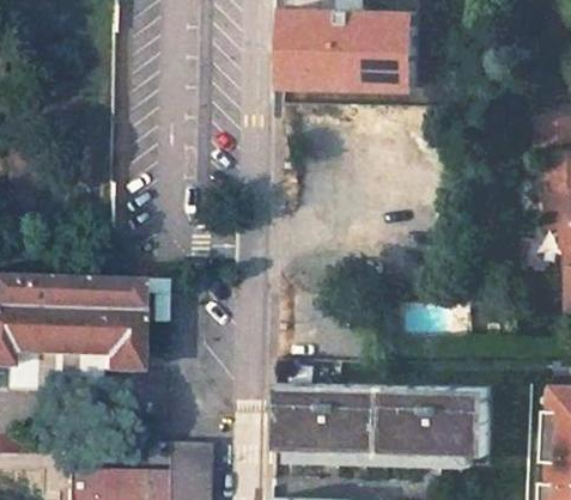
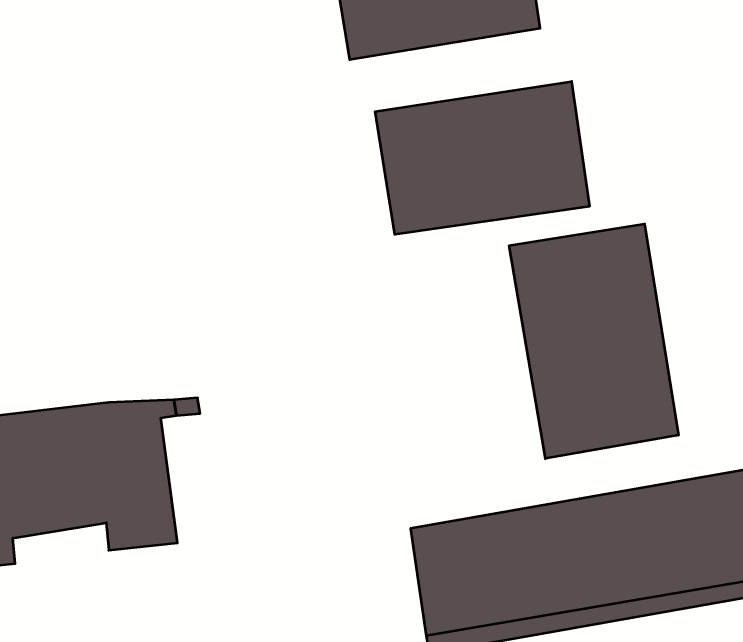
building: none -> [375,81,589,234]
building: none -> [509,224,678,459]

